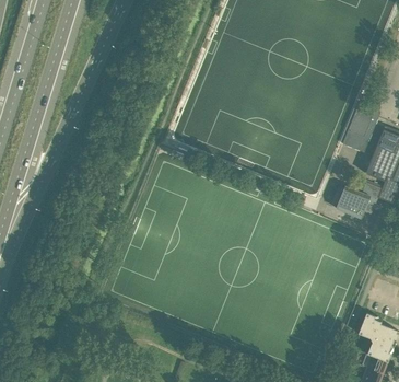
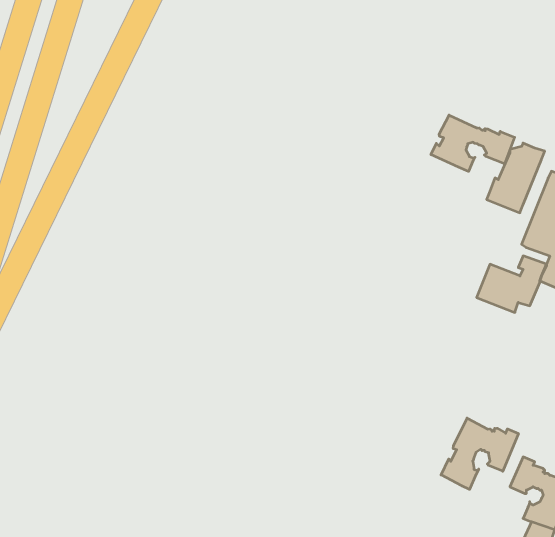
building: none -> [431,115,515,171]
building: none -> [441,418,518,489]

